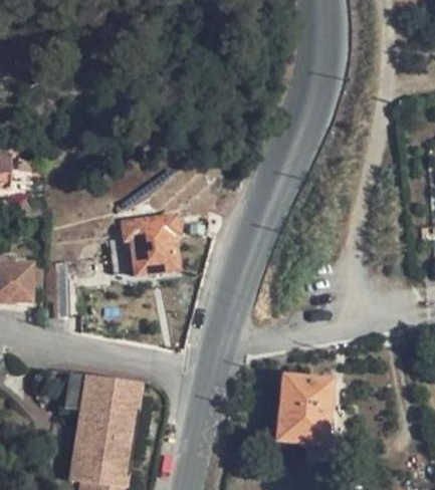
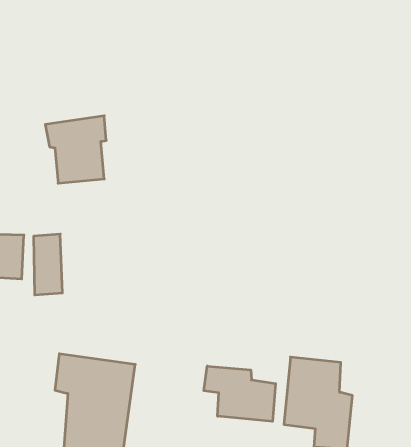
building: [121,212,178,275] -> [45,116,106,183]
building: none -> [204,366,276,421]

